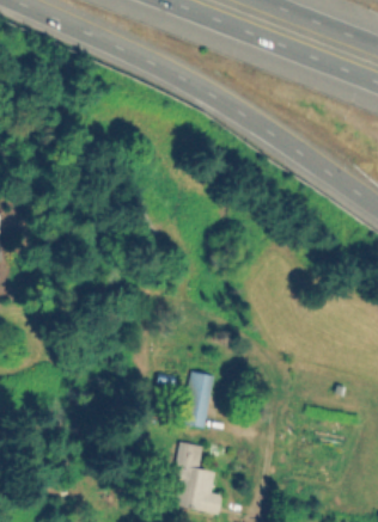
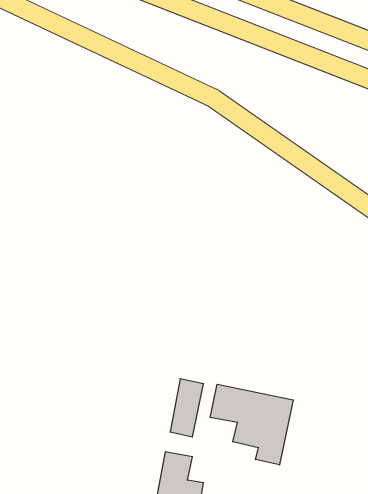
building: none -> [210,384,293,465]

